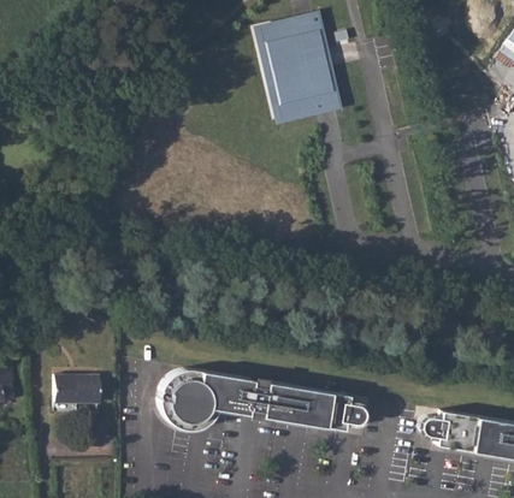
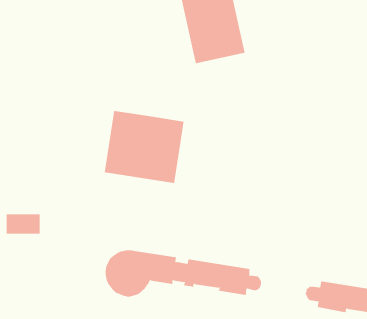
building: none -> [104,110,184,184]
building: [54,377,100,403] -> [6,214,40,234]

